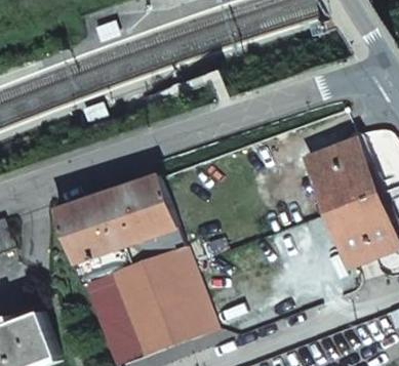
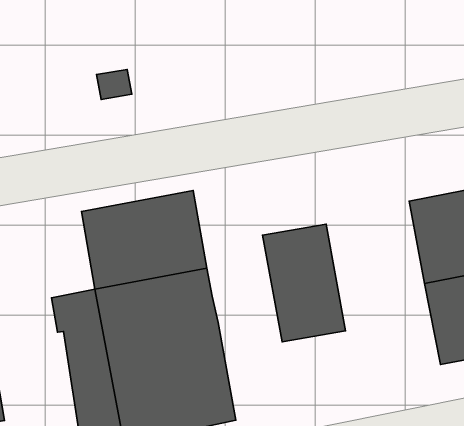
building: none -> [263,224,346,342]
building: [54,204,102,267] -> none

